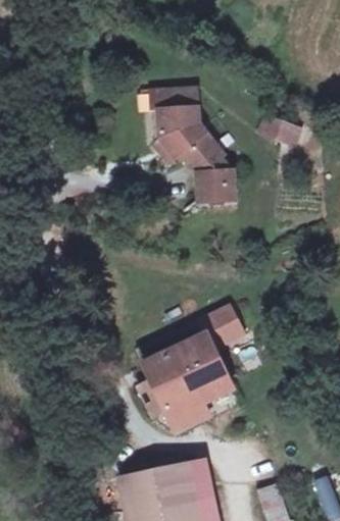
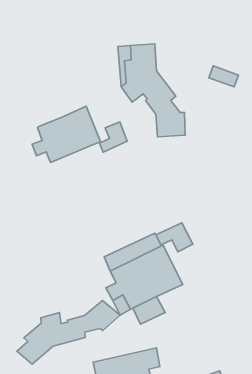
building: none -> [32,106,127,162]
building: none -> [17,300,120,364]

